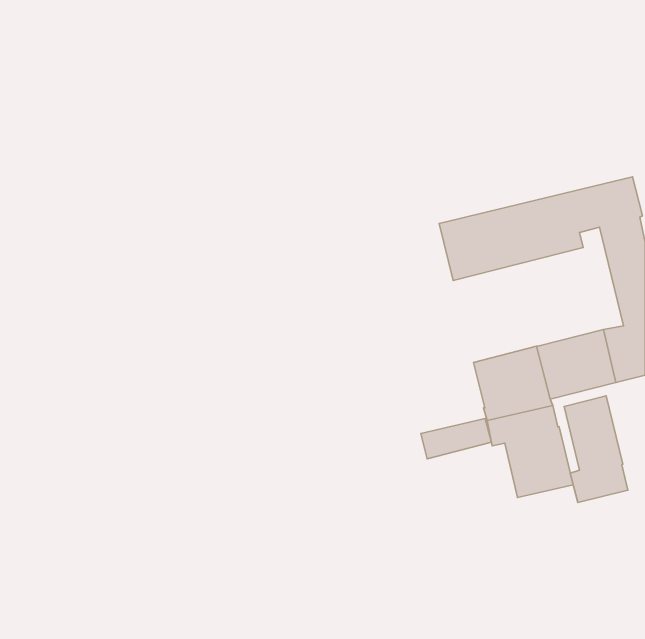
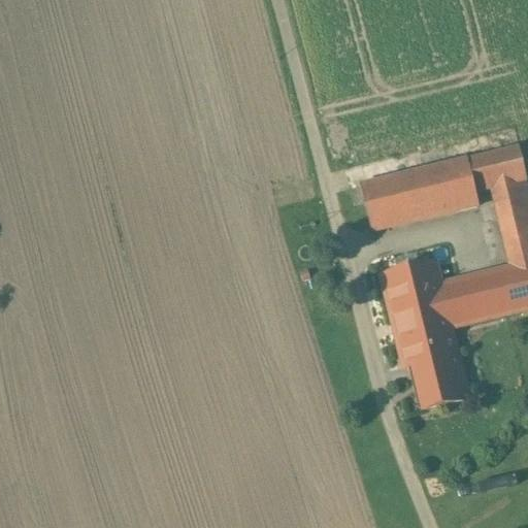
building: [564,396,628,502] -> none
building: [421,418,492,459] -> [382,263,439,296]

